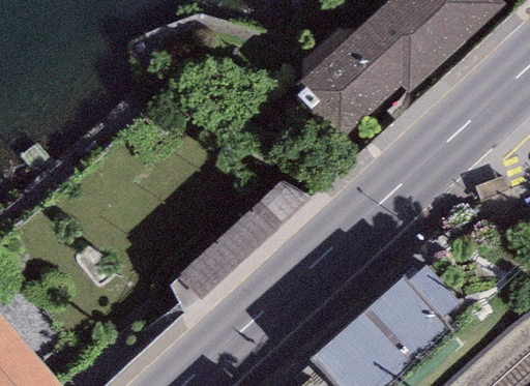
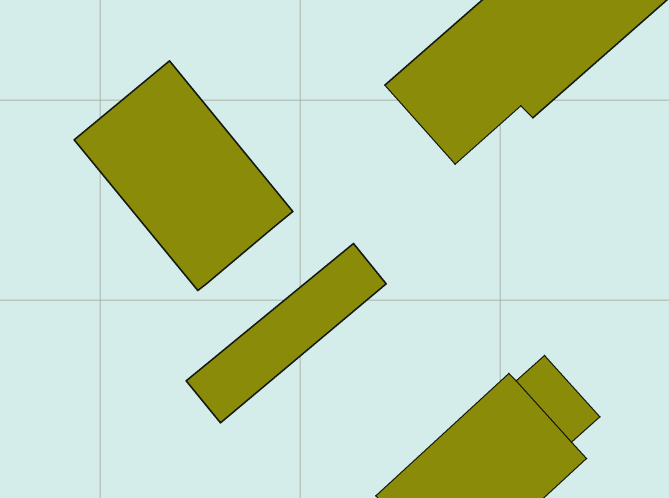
building: none -> [74,61,293,290]

